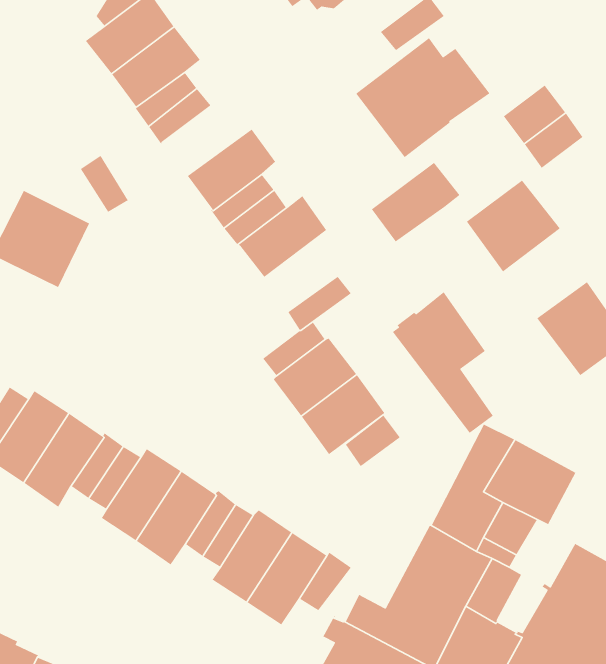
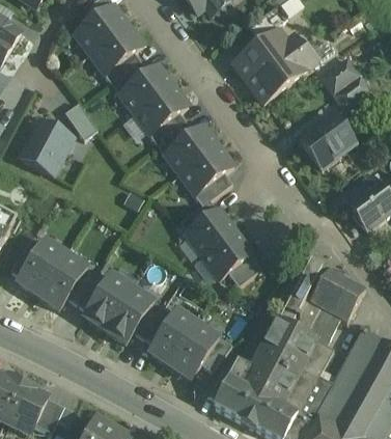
building: none -> [120,63,173,112]
building: [371,162,461,243] -> [180,144,233,192]
building: [392,291,494,434] -> none

